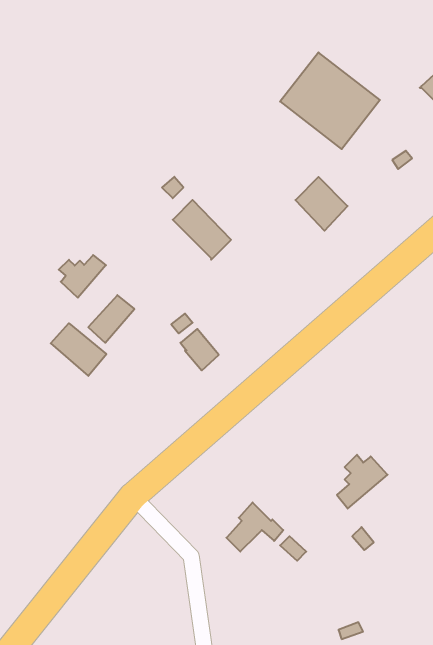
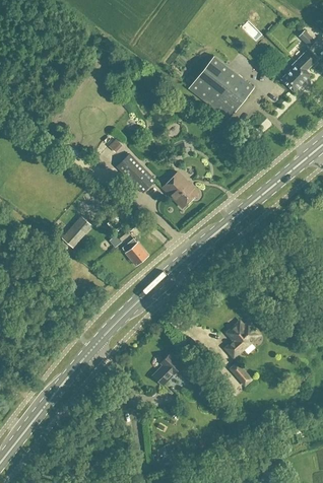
building: [295,177,348,231] -> [163,172,197,208]
building: [59,255,106,298] -> none
building: [51,323,106,376] -> none

